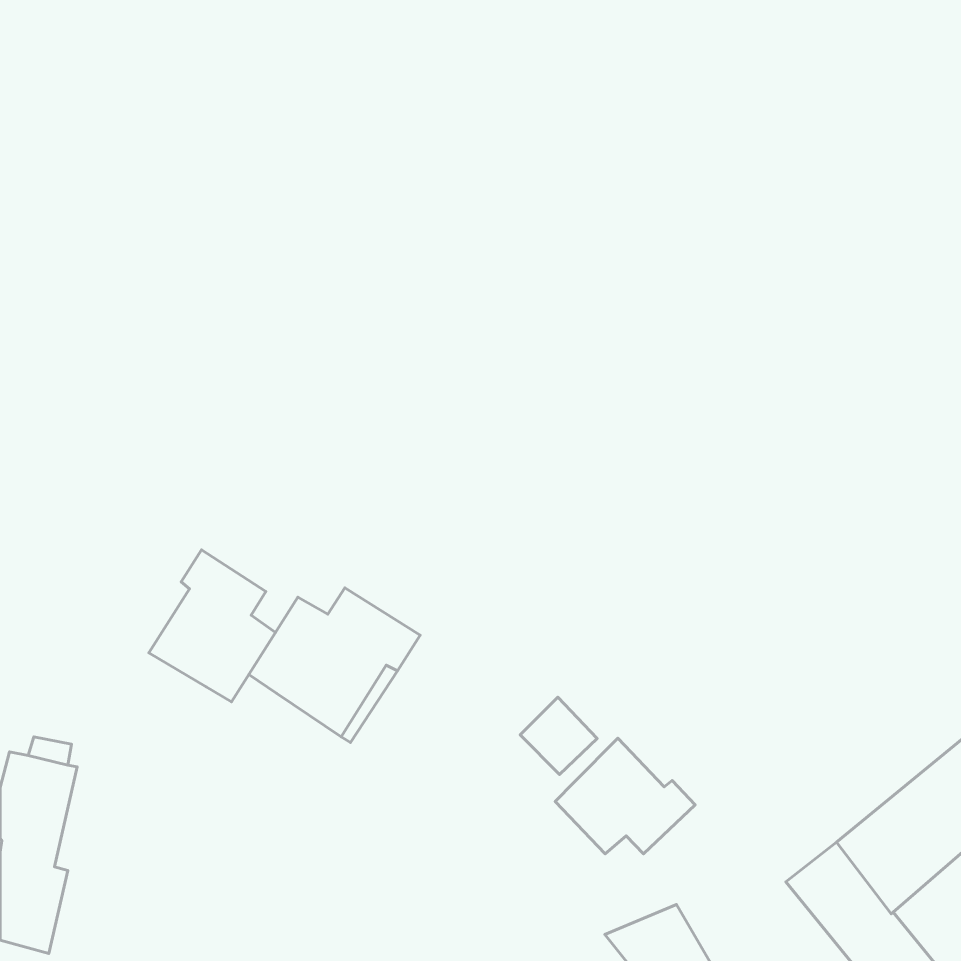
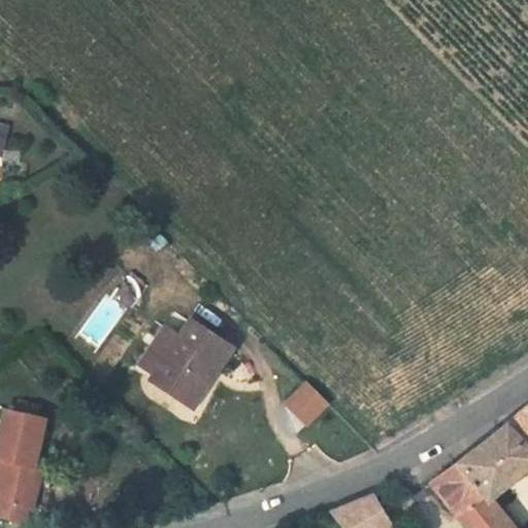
building: [149,550,275,702] -> none
building: [555,738,695,854] -> none

